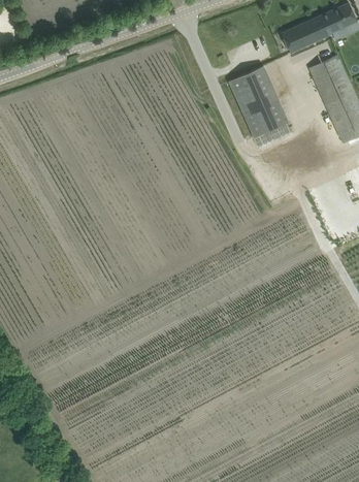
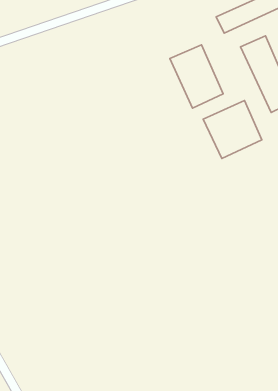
building: none -> [203,100,262,159]

